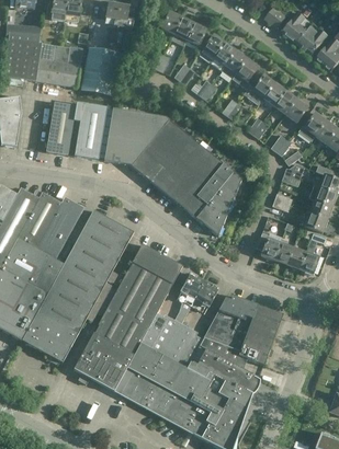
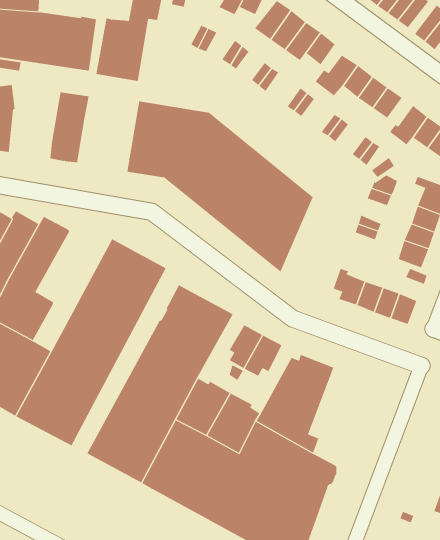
building: [72,104,106,159] -> none
building: [36,197,83,260] -> none
building: [238,304,282,364] -> none

